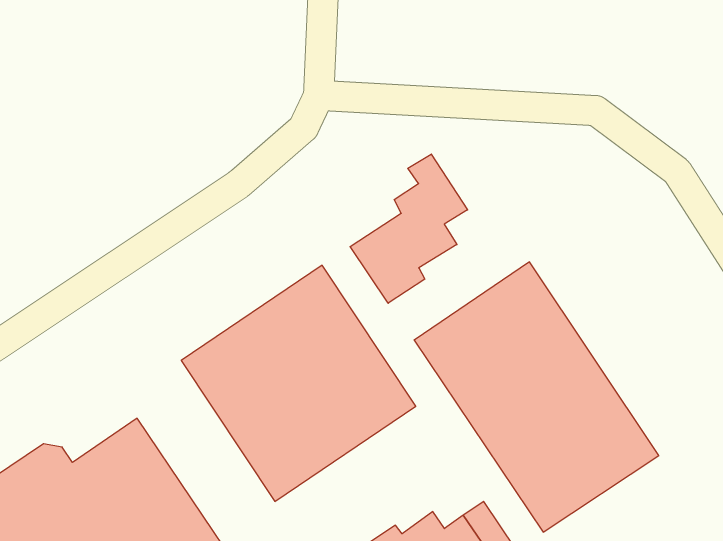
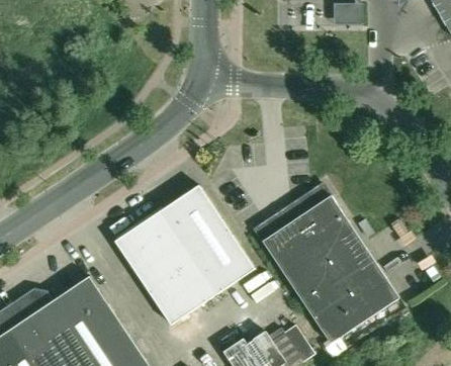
building: [350,154,468,303] -> none

